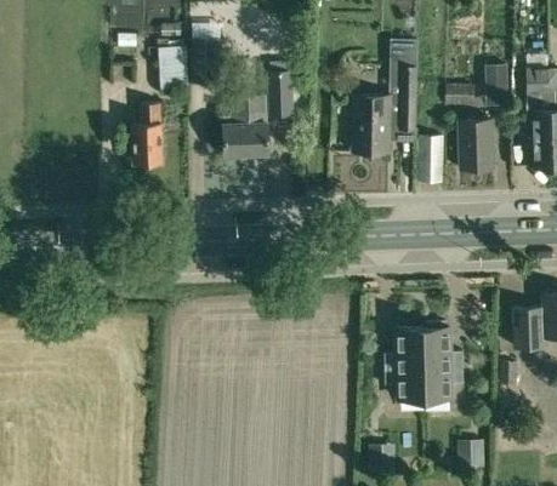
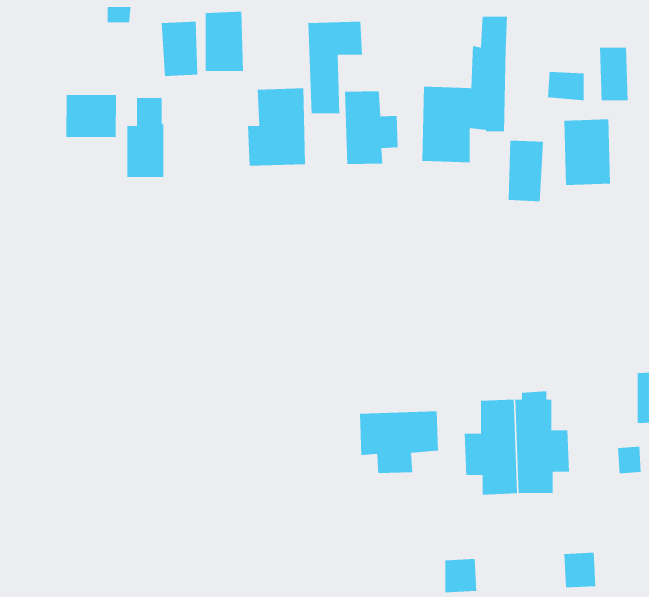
building: none -> [345,91,398,165]
building: none -> [66,94,117,138]
building: none -> [360,410,438,474]

